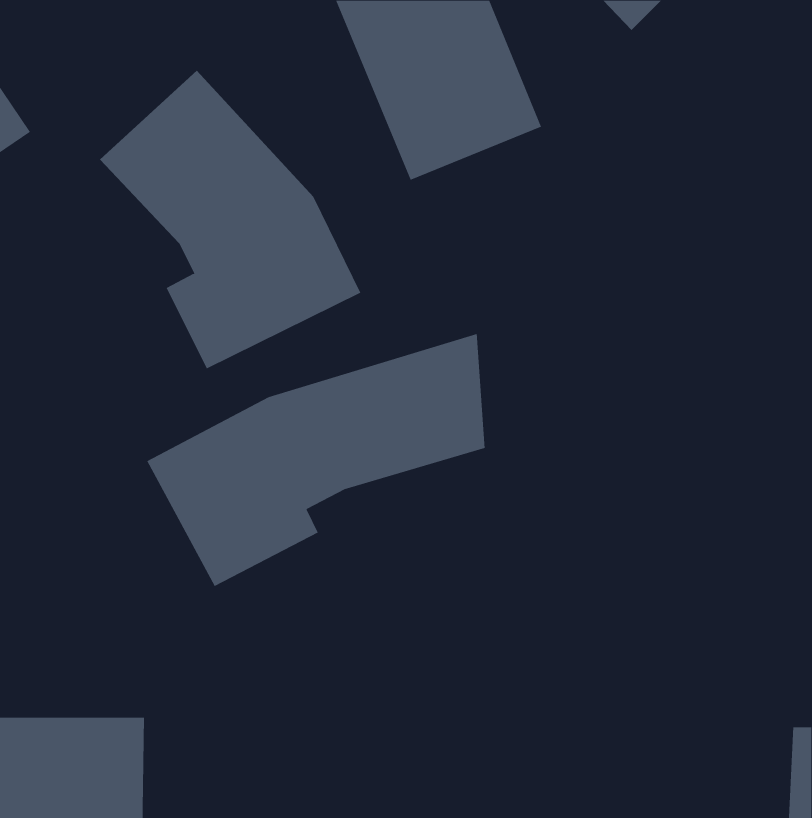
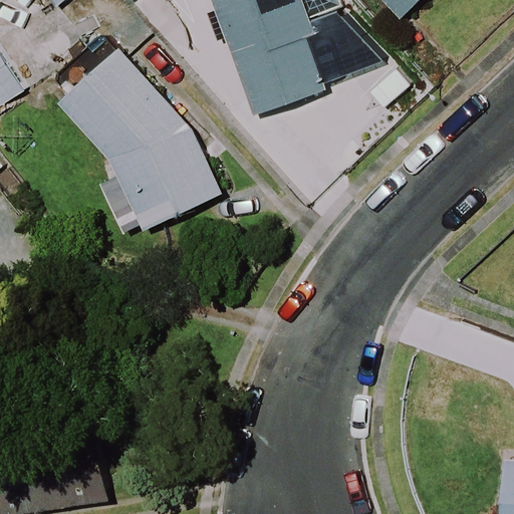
building: [146,333,485,587] -> none

